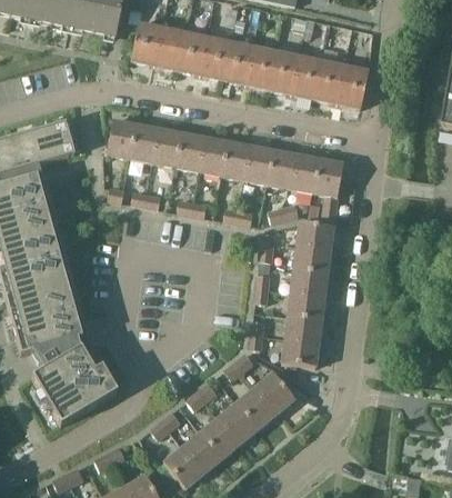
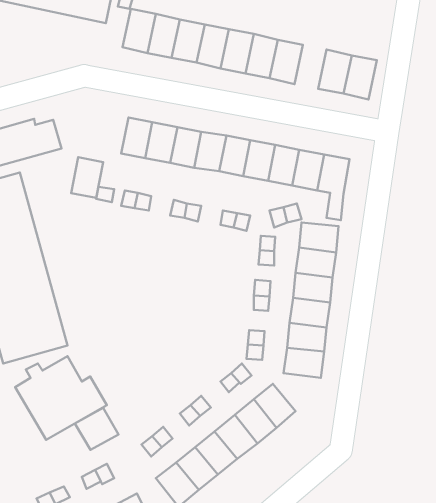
building: [292,57,322,98] -> none
building: [108,120,138,158] -> [71,157,103,198]
building: none -> [75,408,118,450]

